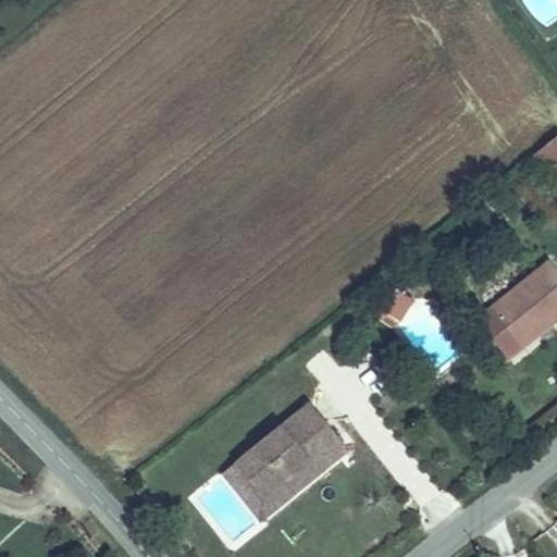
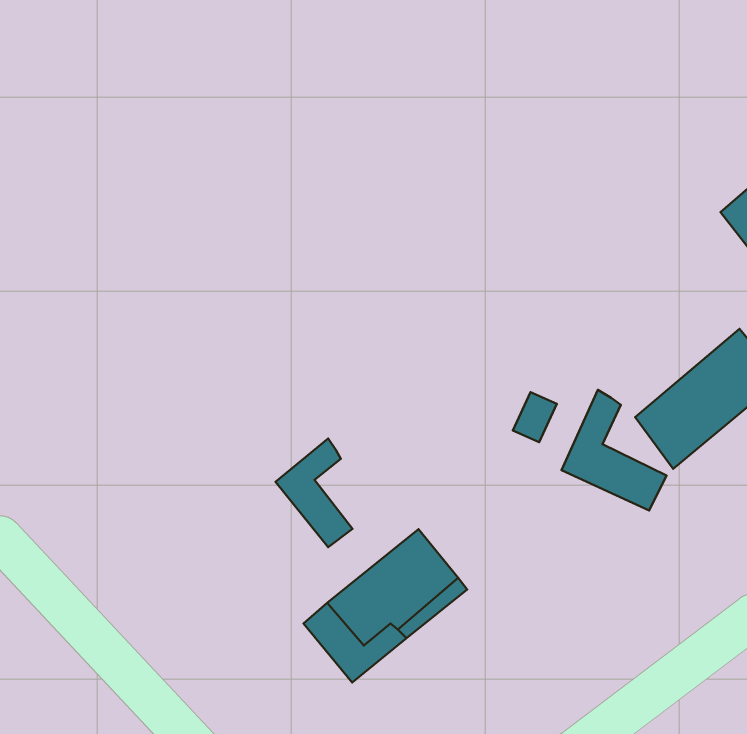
building: none -> [561,390,667,511]
building: none -> [275,438,352,547]

